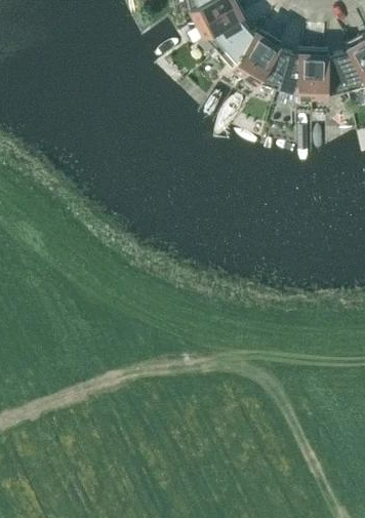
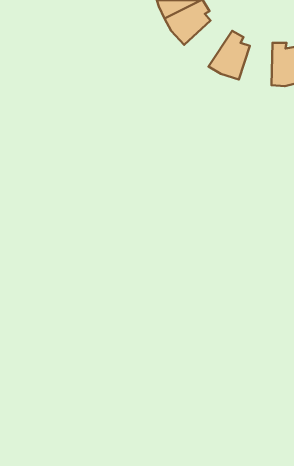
building: [216,24,269,74] -> none
building: [276,47,313,94] -> none

